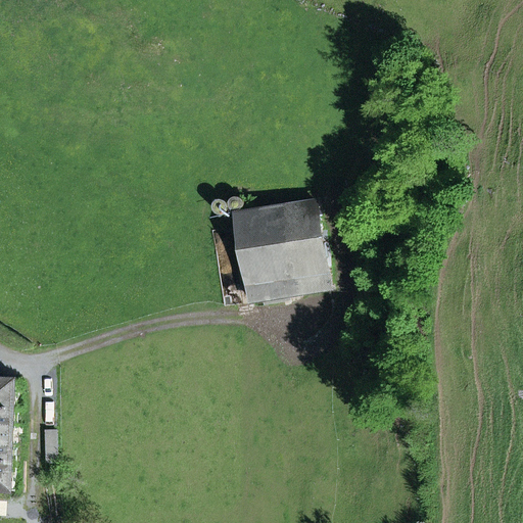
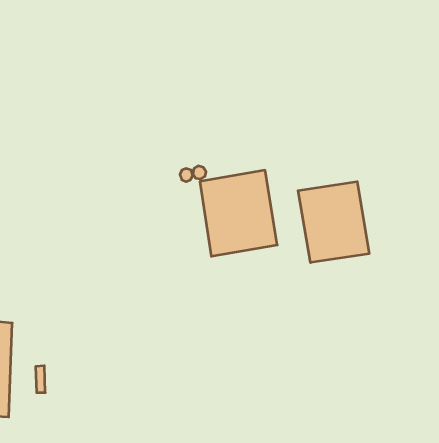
building: none -> [298,182,369,263]

